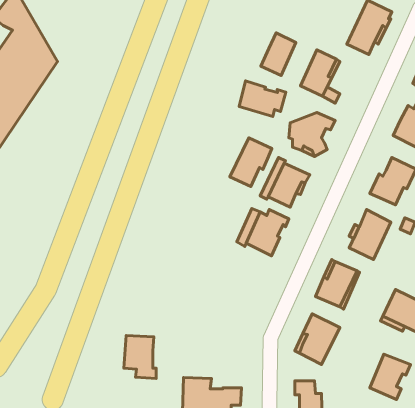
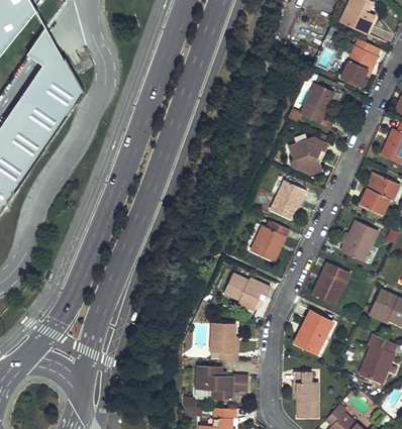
building: [261,33,296,75] -> none
building: [239,81,286,117] -> none
building: [230,138,272,186] -> none
building: none -> [224,272,271,309]
building: [124,336,156,378] -> [210,322,238,359]

